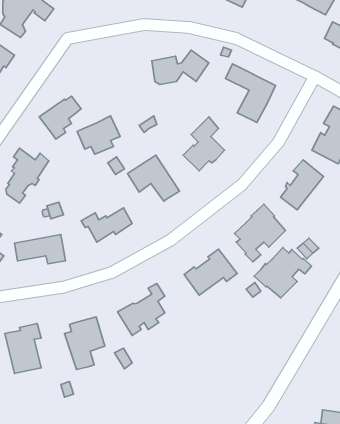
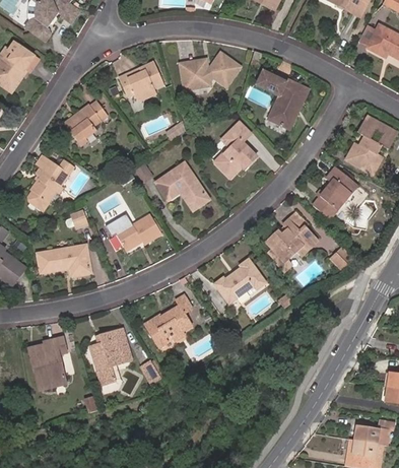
building: [77,116,120,154] -> [119,61,163,101]
building: [254,247,311,298] -> none

